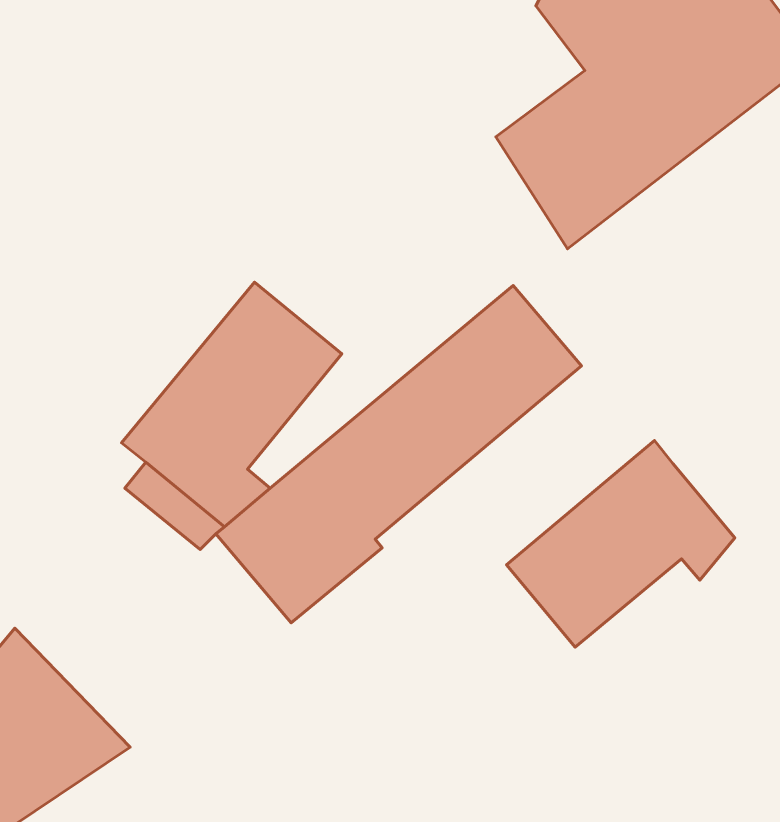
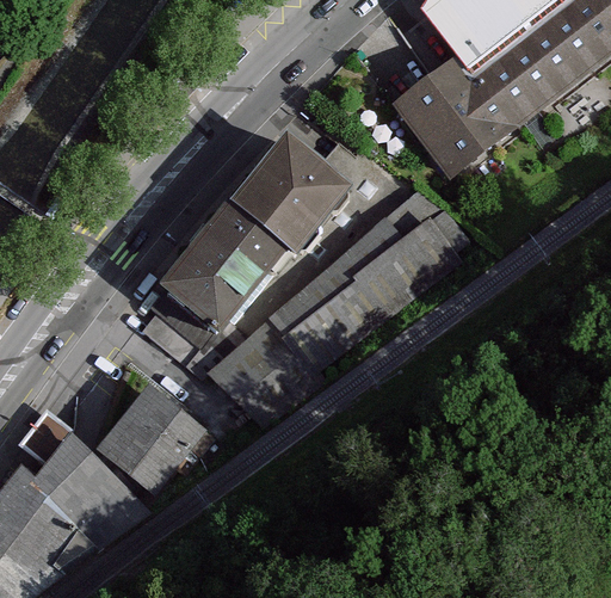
building: none -> [234,124,360,251]
building: [507,441,735,647] -> none
building: none -> [98,386,217,494]

